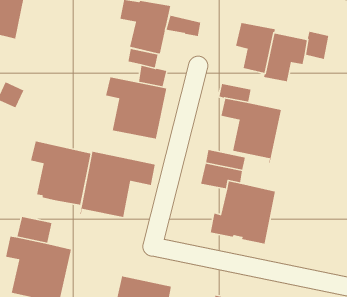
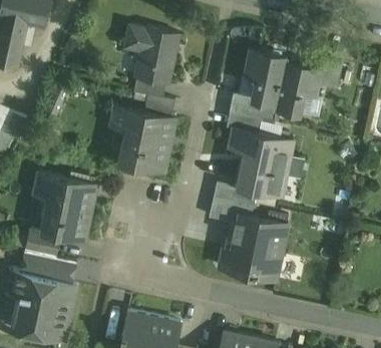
building: [166,15,201,37] -> none
building: none -> [231,94,266,120]
building: [79,151,156,218] -> none
building: none -> [24,228,58,258]

